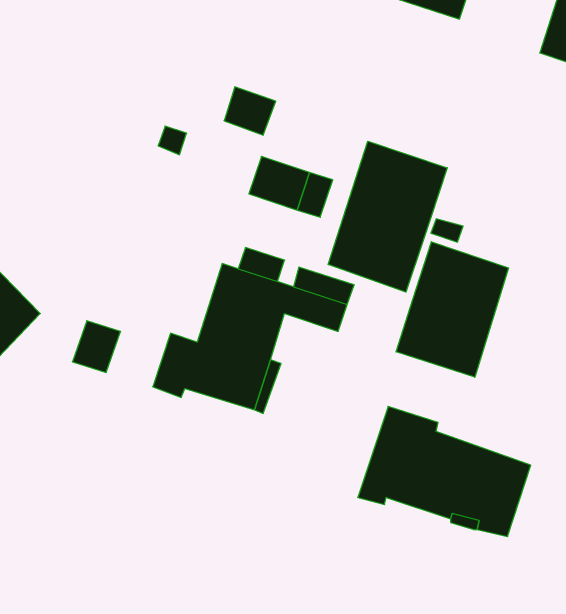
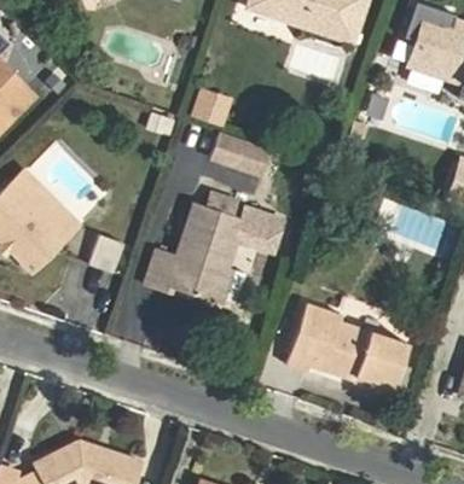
building: [328,141,447,292] -> none
building: [396,242,508,377] -> none

